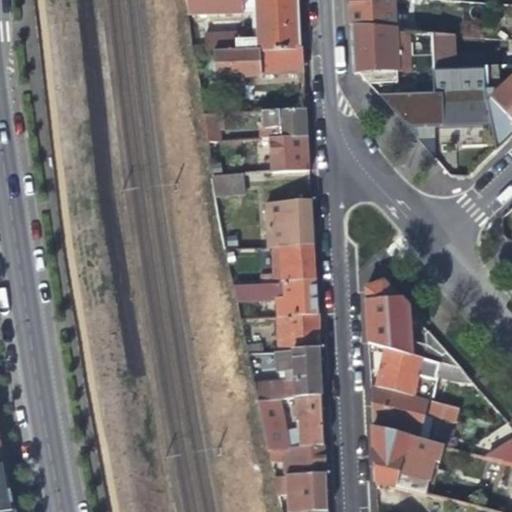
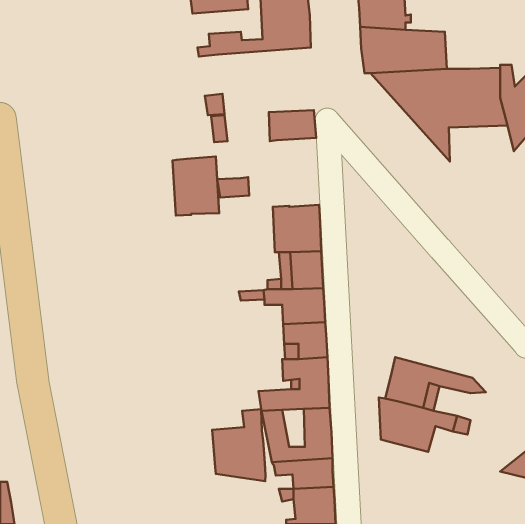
building: [433,31,457,67] -> none
building: [213,46,304,78] -> none
building: [270,134,310,171] -> none
building: none -> [173,157,219,215]
building: [364,282,460,367] -> none
building: none -> [212,409,265,481]
building: [371,427,444,494] -> none

